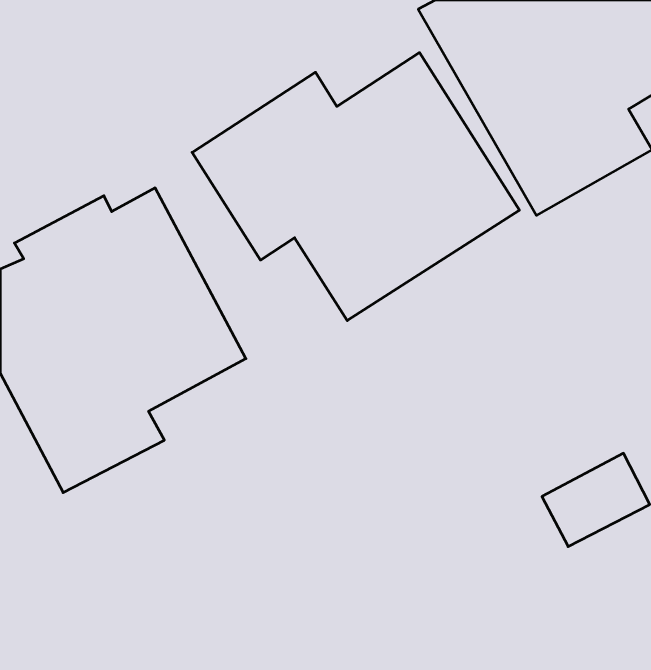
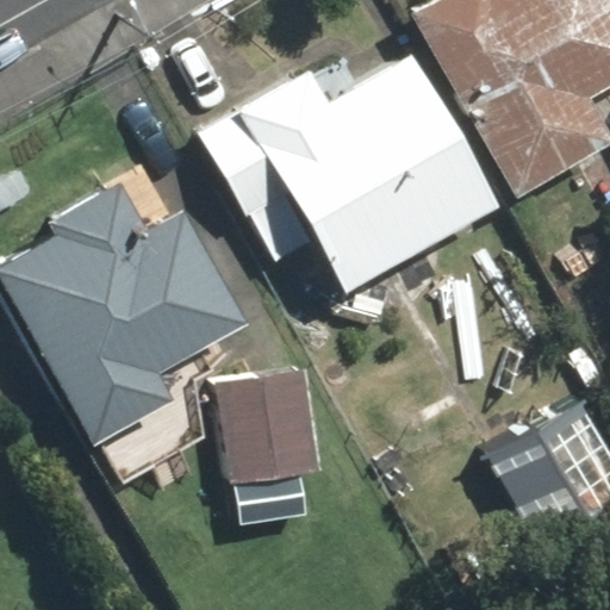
building: none -> [212,372,324,485]

